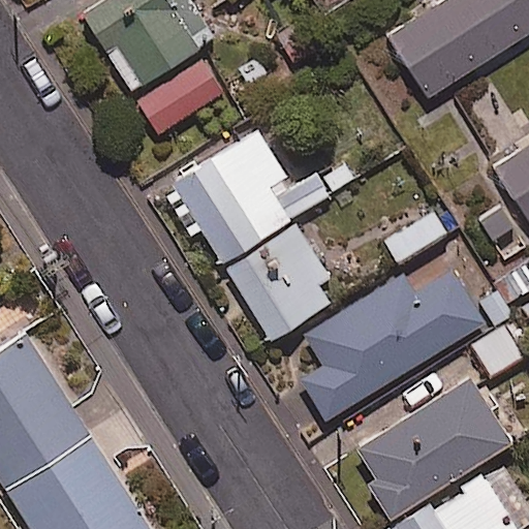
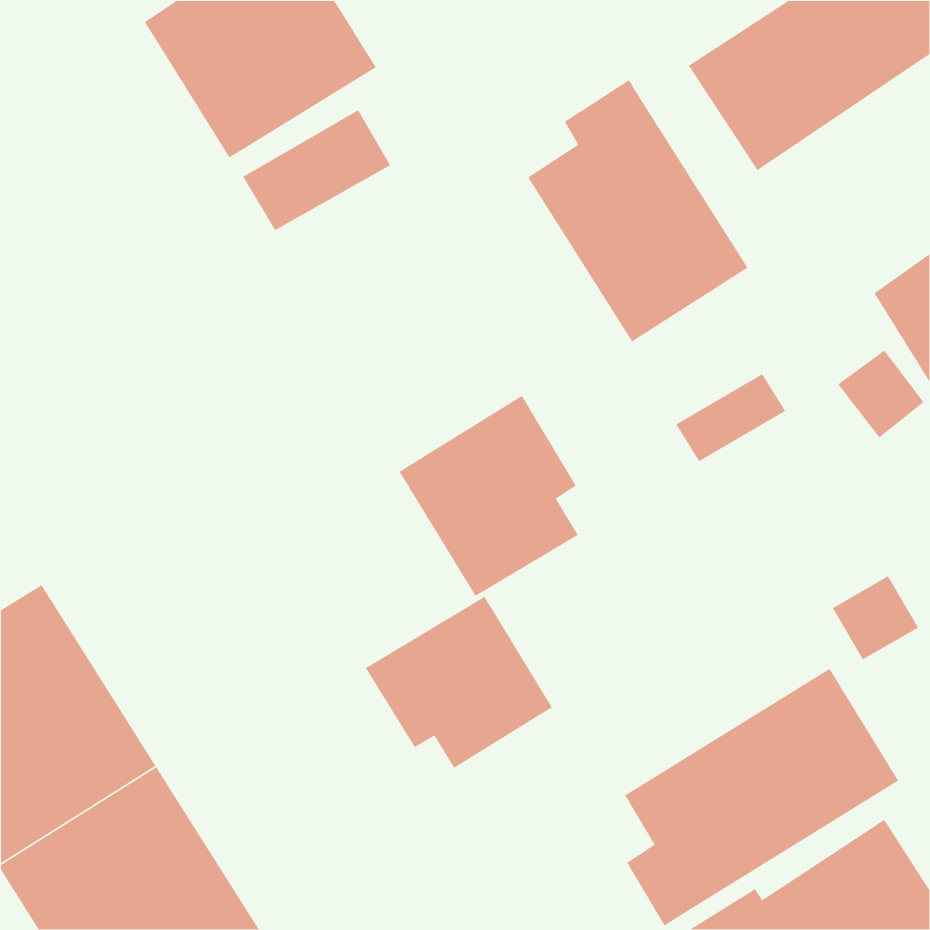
building: none -> [527,79,748,342]
building: [176,131,331,259] -> none
building: [302,267,485,418] -> none
building: none -> [365,596,553,769]

